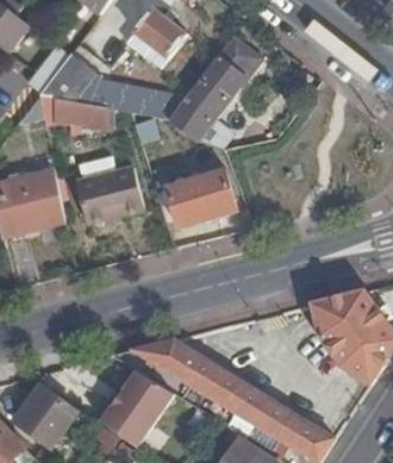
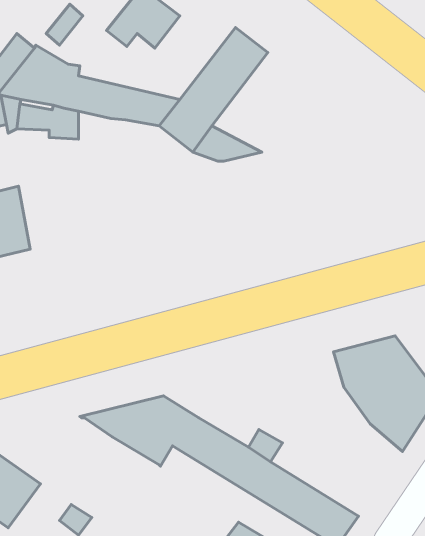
building: [77,168,143,224] -> none
building: [166,169,233,232] -> none
building: [98,373,170,446] -> none

